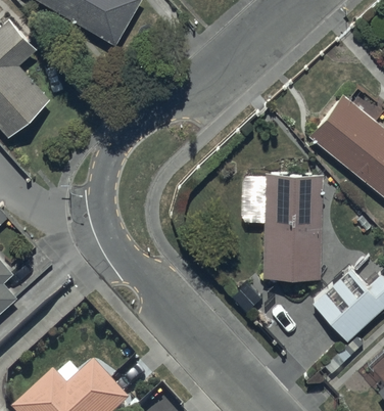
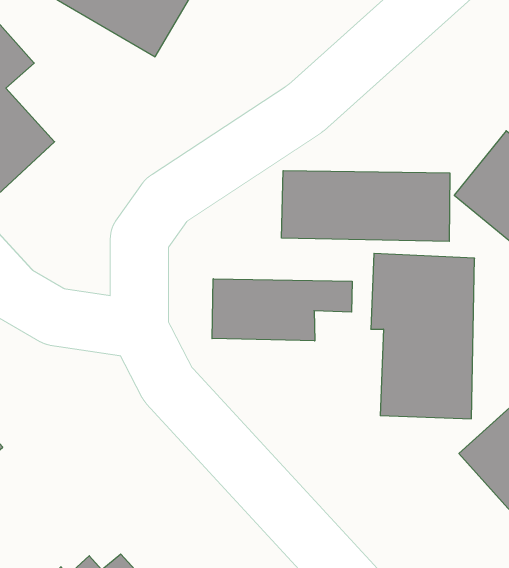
building: none -> [282,171,450,241]
building: none -> [212,279,352,341]

